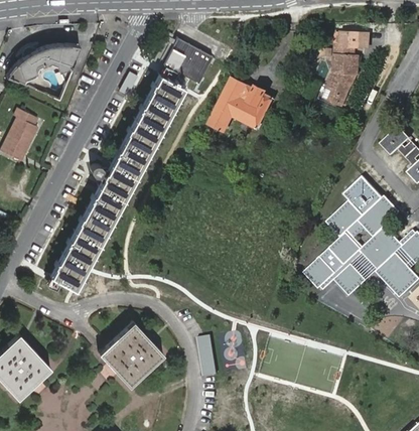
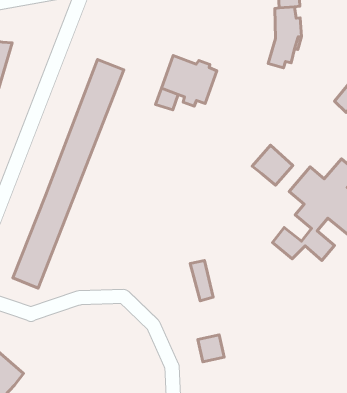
building: [164,38,212,83] -> none
building: [343,177,383,217] -> [252,145,293,185]
building: [99,322,163,386] -> none
building: [195,337,214,376] -> [190,261,213,301]

